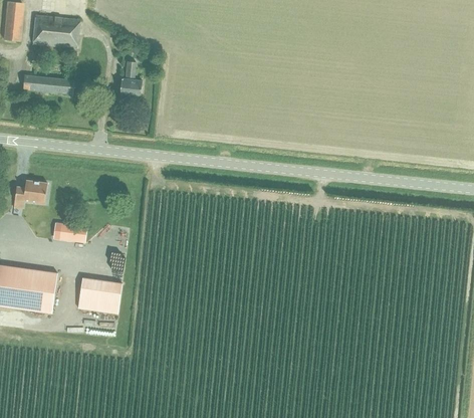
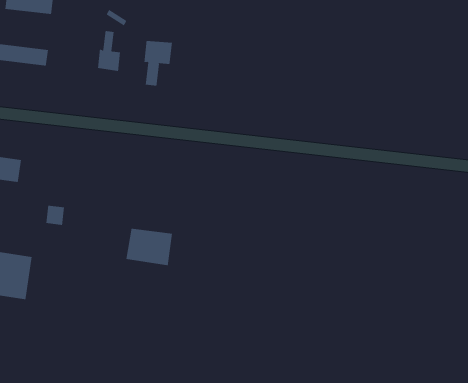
building: none -> [144,40,172,87]
building: [77,277,122,312] -> [126,228,173,266]

